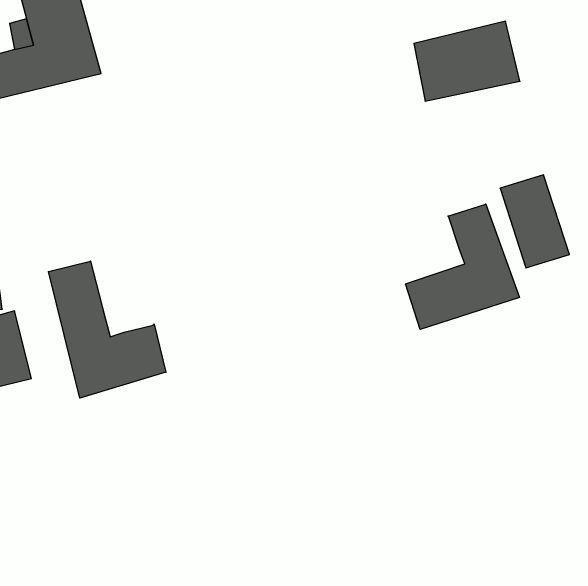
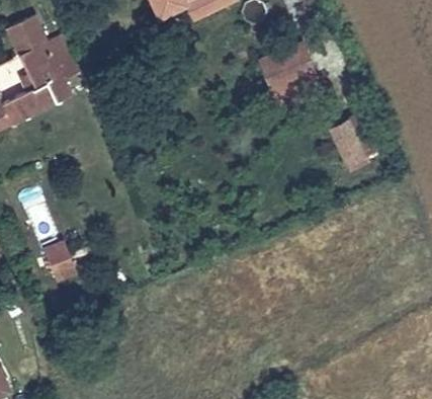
building: [406,204,520,329] -> none
building: [48,261,166,398] -> none

